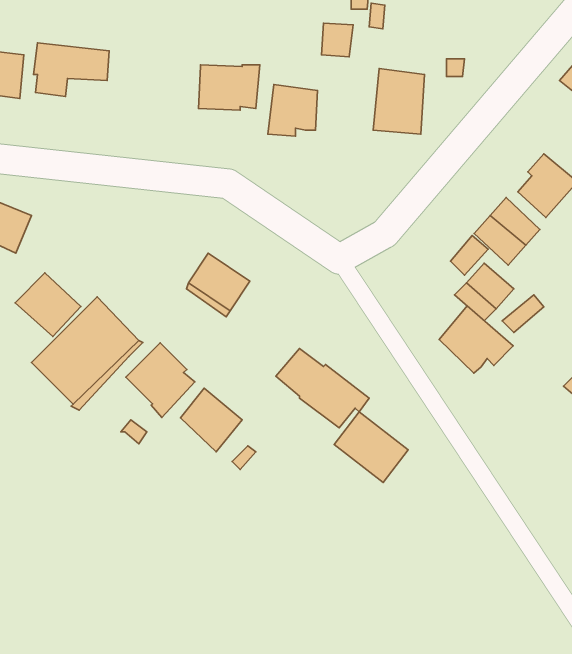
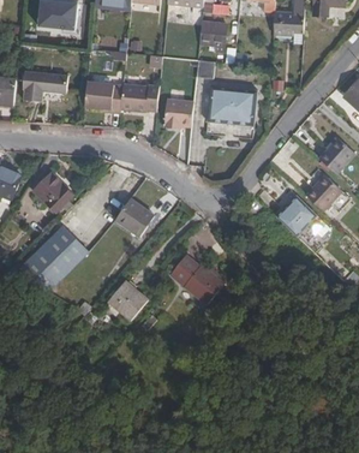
building: none -> [85,83,124,113]
building: none -> [208,85,232,124]
building: [15,273,81,336] -> [34,171,73,209]
building: [439,306,513,373] -> none
building: [126,343,195,417] -> none
building: [334,412,408,482] -> none

